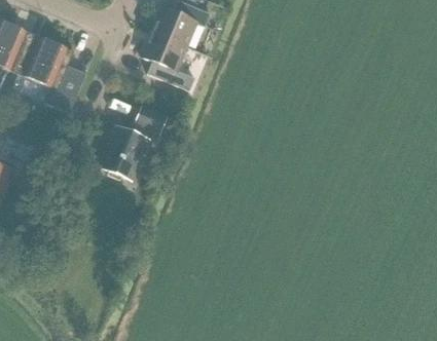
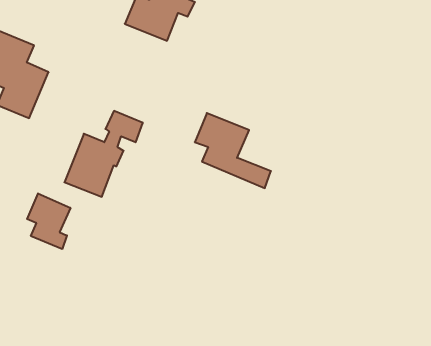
building: [140,32,205,96] -> [195,113,271,188]
building: none -> [27,193,70,249]

